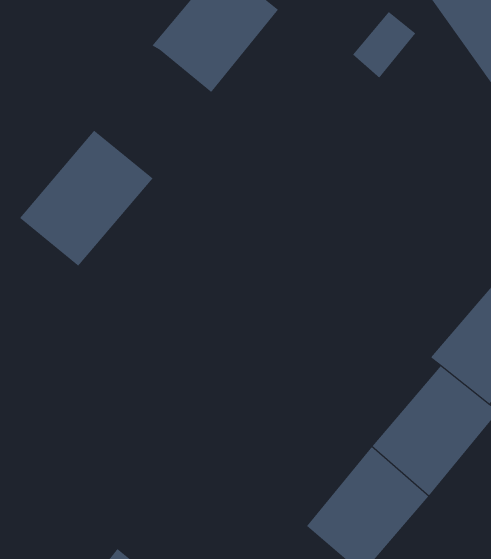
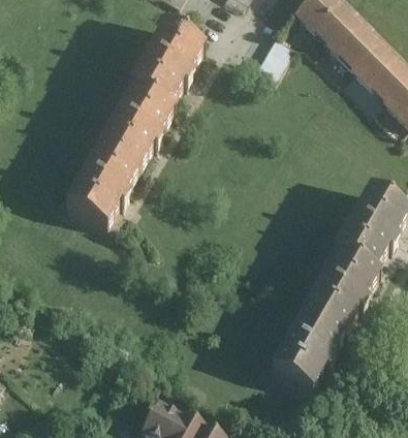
building: none -> [103,84,180,165]

